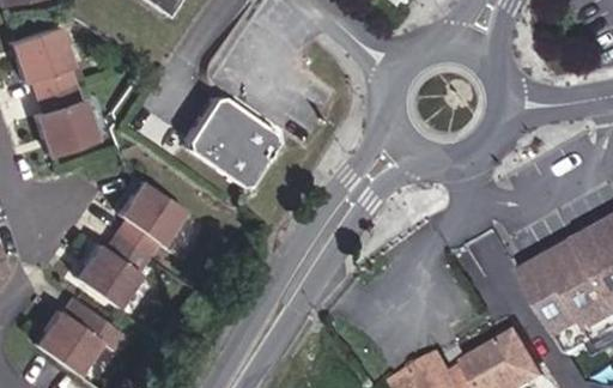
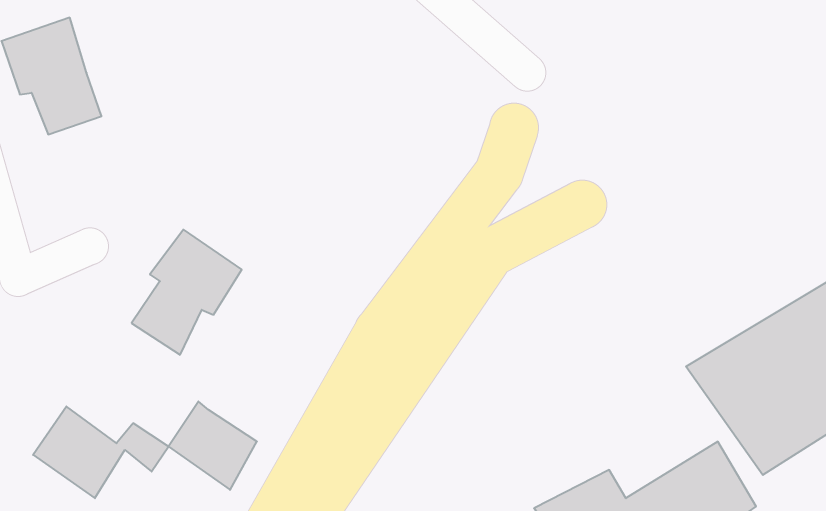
building: [194,99,279,186] -> none
building: [38,102,99,156] -> none
building: [79,242,142,305] -> [168,401,257,490]

